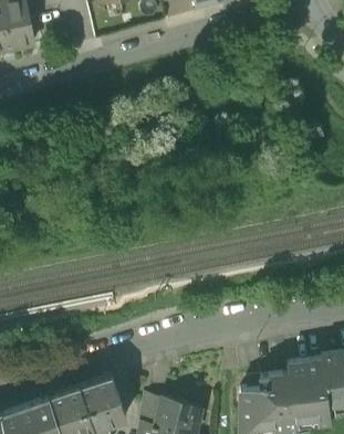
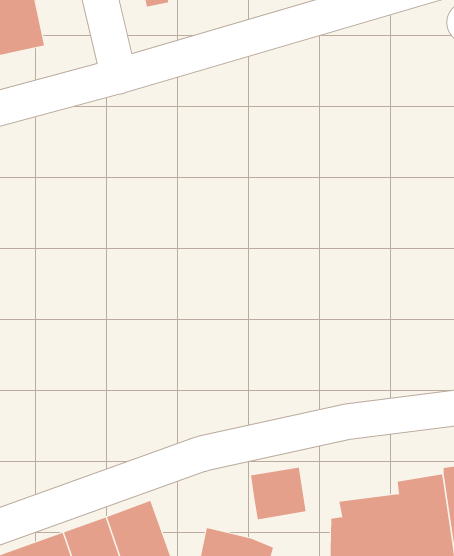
building: none -> [250,467,306,520]

